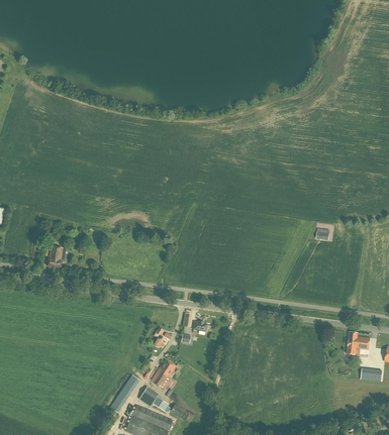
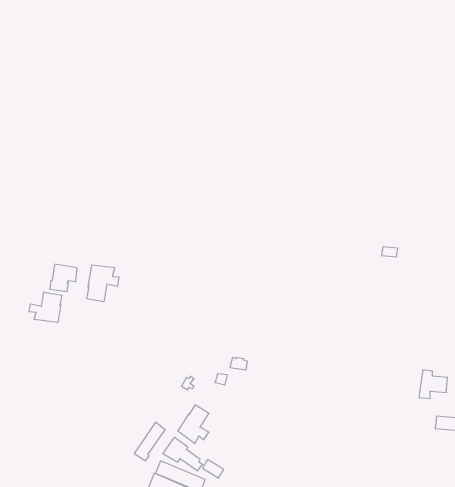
building: none -> [87,265,119,302]
building: none -> [29,292,62,323]

